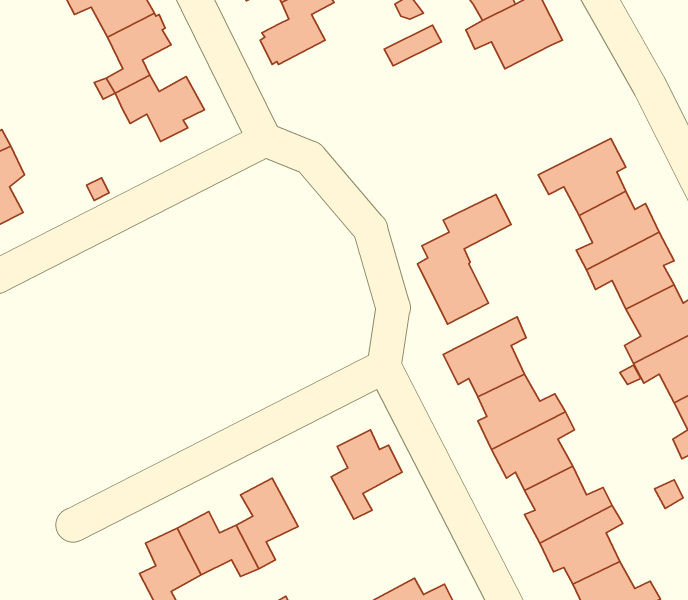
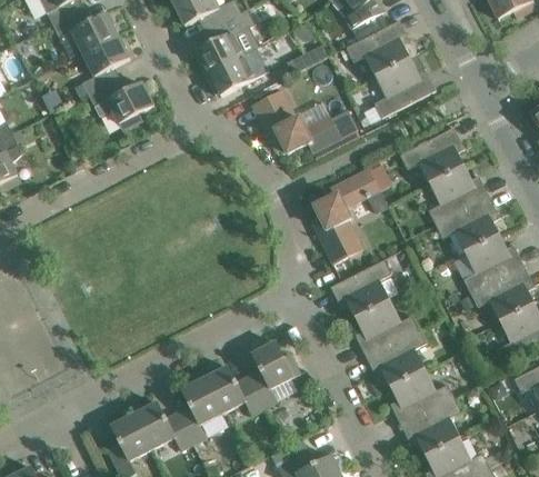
building: none -> [204,48,268,96]
building: none -> [373,54,435,117]
building: none -> [251,89,356,153]
building: none -> [203,366,263,414]

